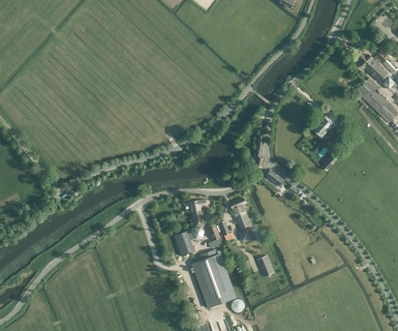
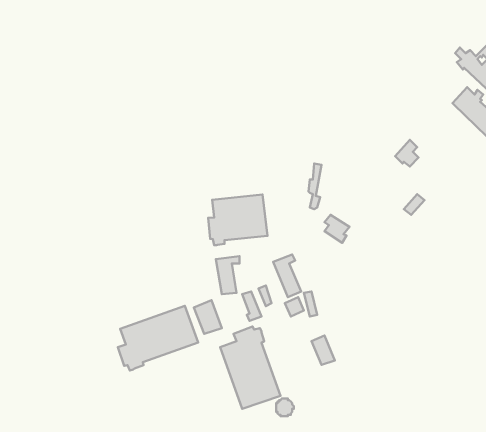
building: none -> [208,194,268,245]
building: none -> [118,306,198,370]

